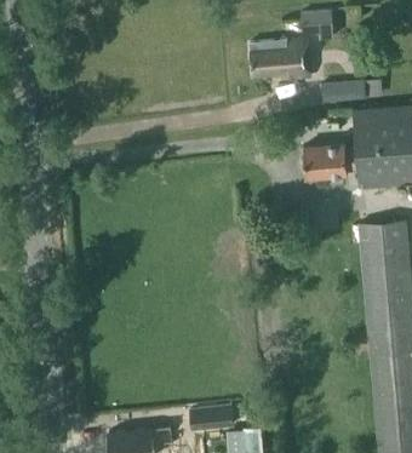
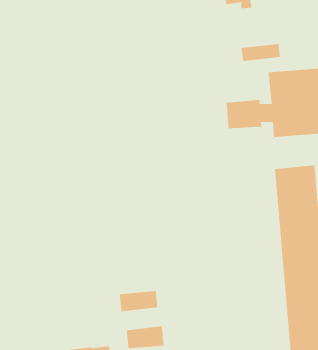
building: [246,40,307,80] -> none
building: none -> [119,290,158,312]

